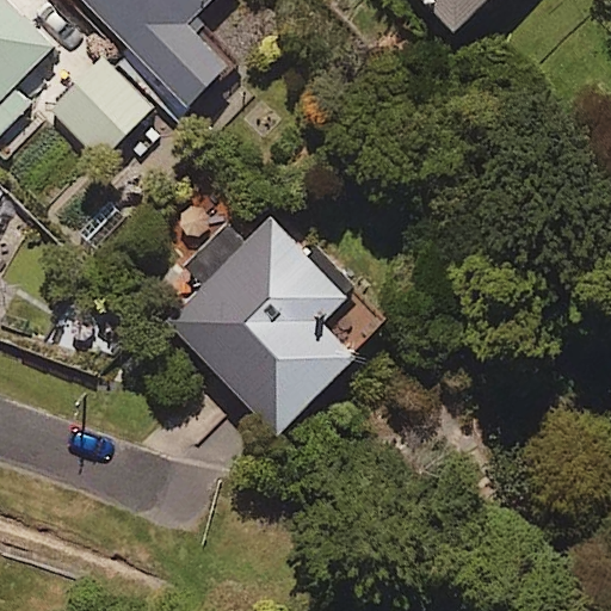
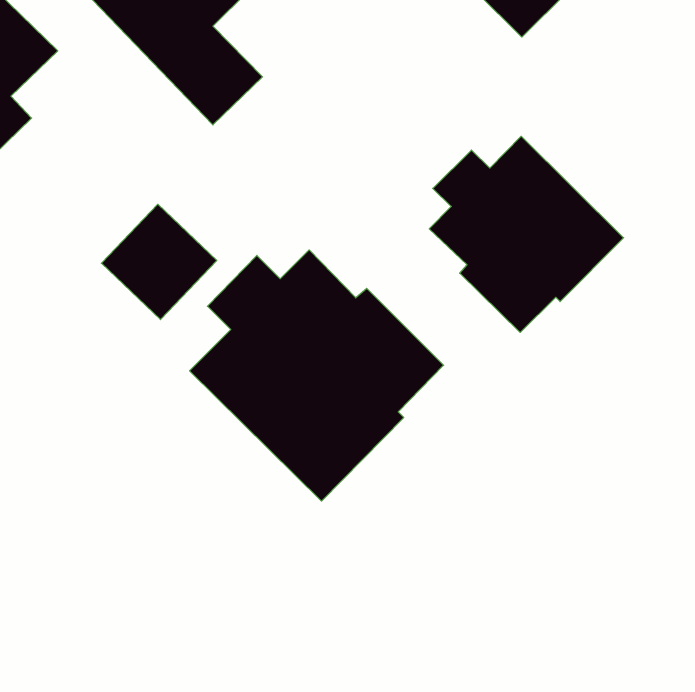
building: [45,51,146,152] -> [101,204,217,320]
building: none -> [429,136,624,332]

